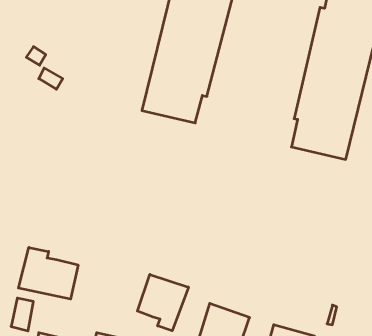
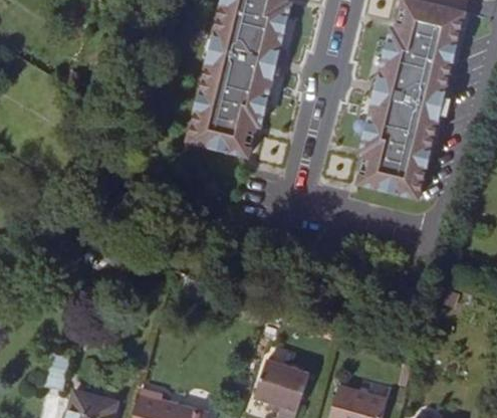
building: [18,247,78,299] -> none
building: [137,274,188,331] -> none

